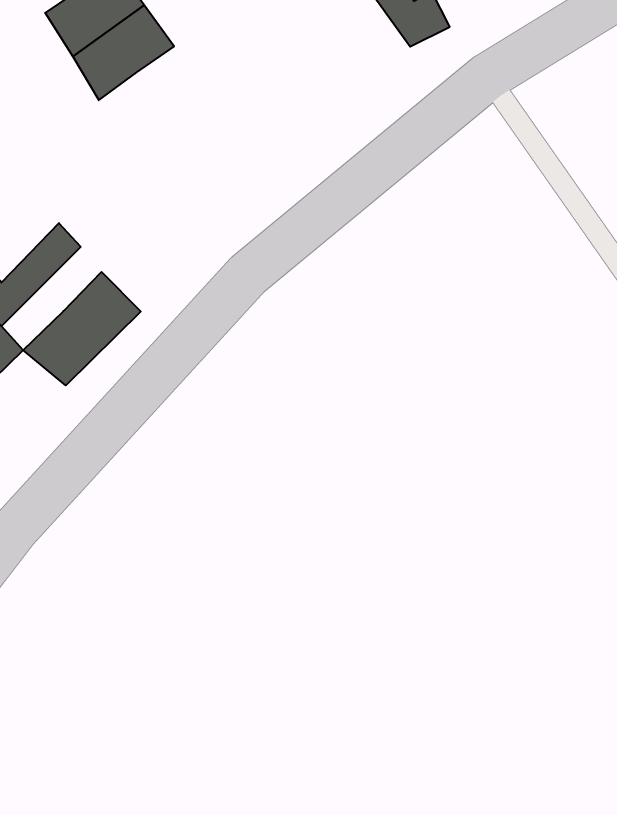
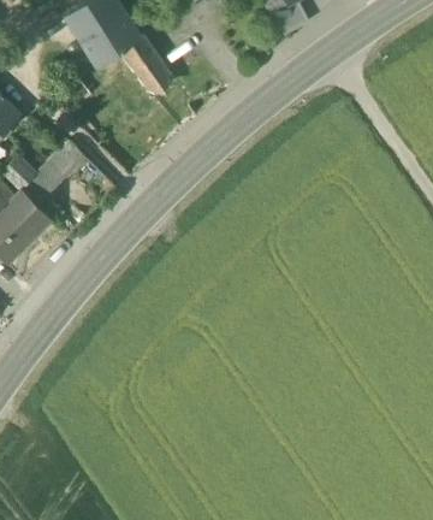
building: none -> [120,34,173,96]
building: [23,272,141,385] -> none

